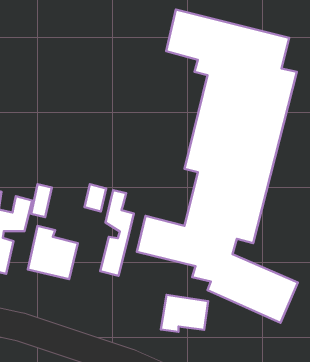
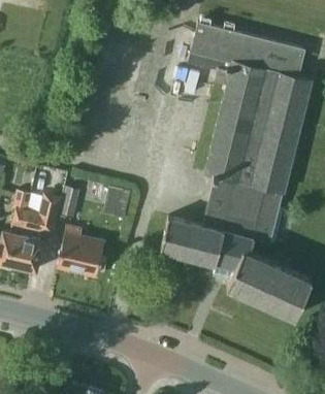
building: [100,190,134,276] -> none
building: [161,295,208,332] -> none

